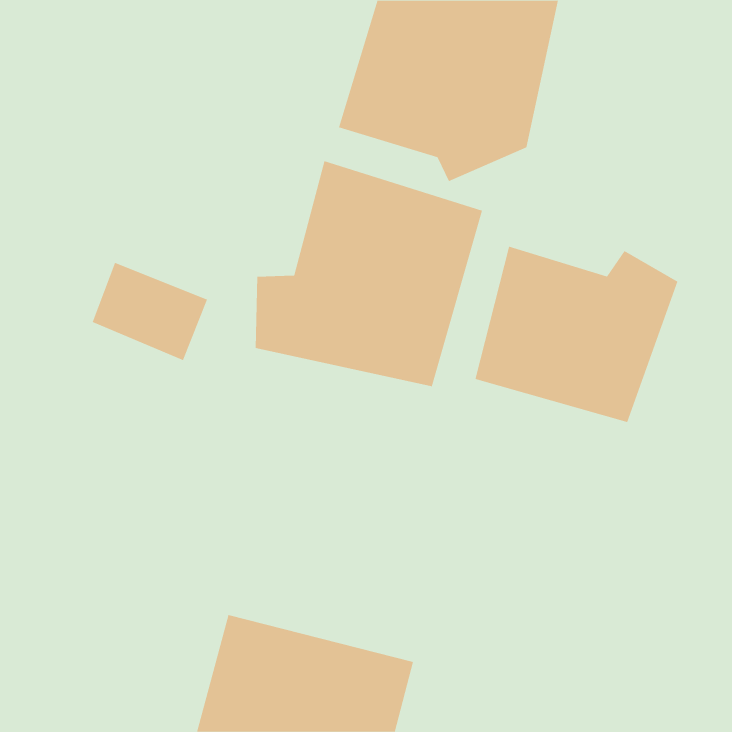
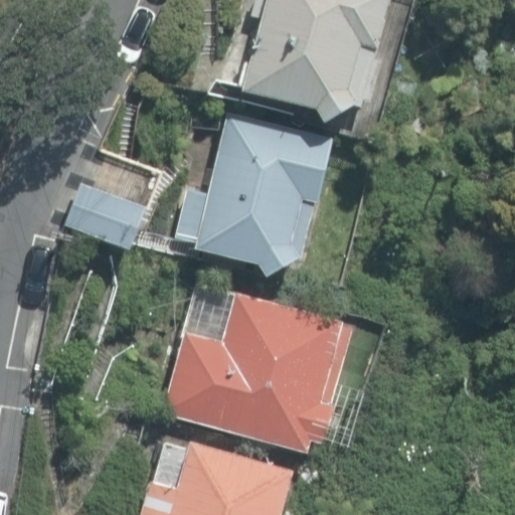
building: [475,246,678,423] -> none
building: none -> [162,294,361,449]

